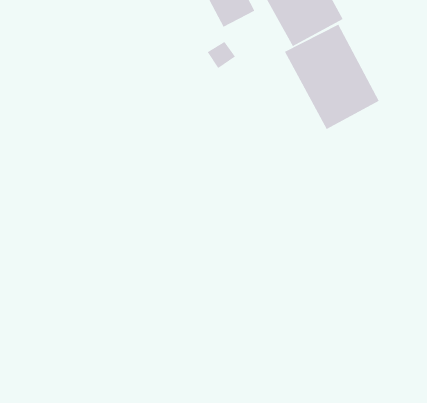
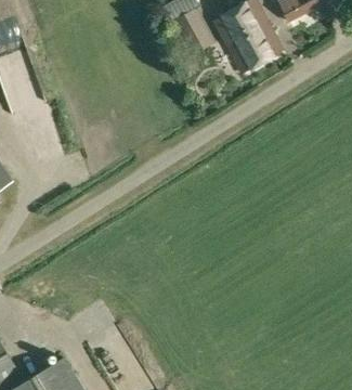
building: [284,24,379,130] -> none

